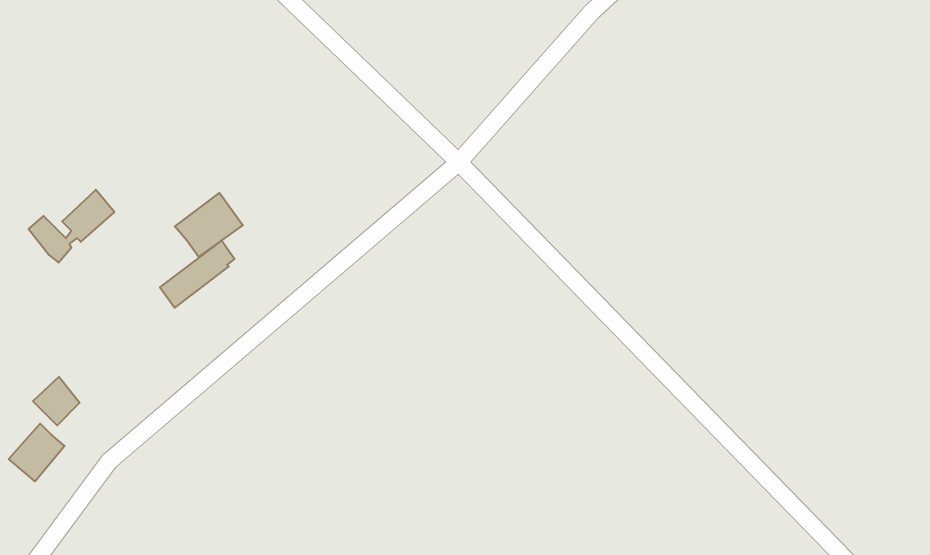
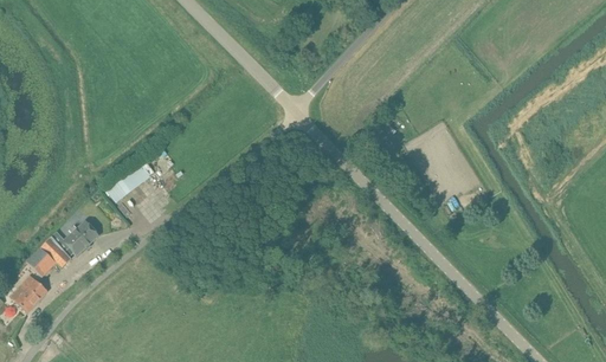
building: [29,190,114,263] -> [43,221,97,267]
building: [175,193,243,257] -> none

